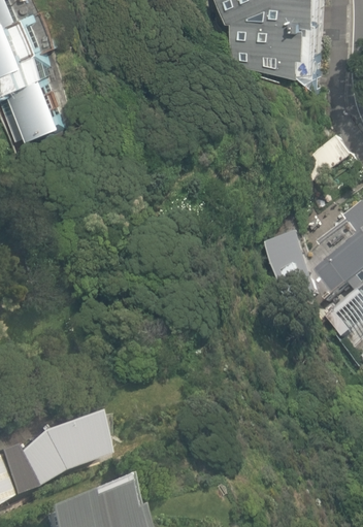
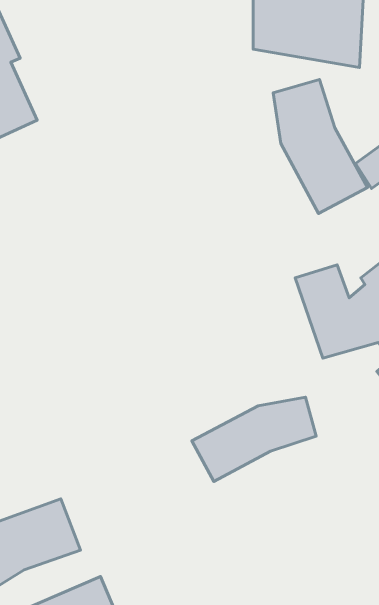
building: none -> [273,79,367,213]
building: none -> [192,397,316,482]

